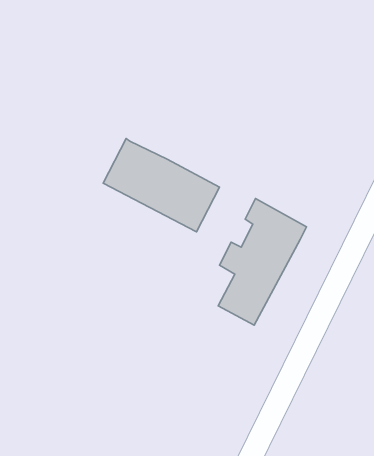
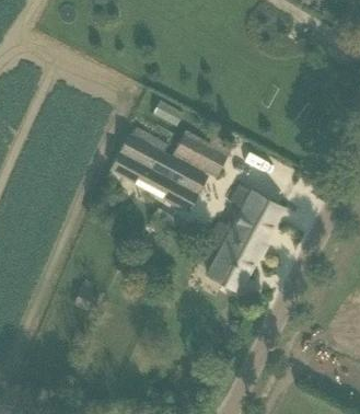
building: none -> [175,131,227,173]

